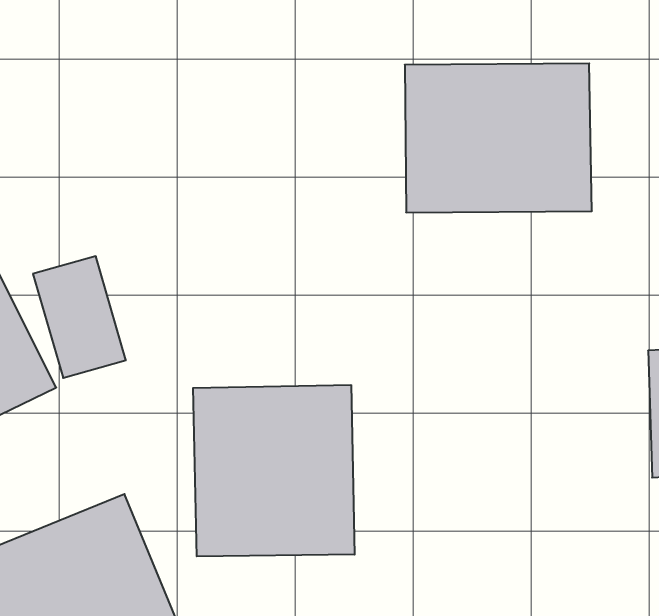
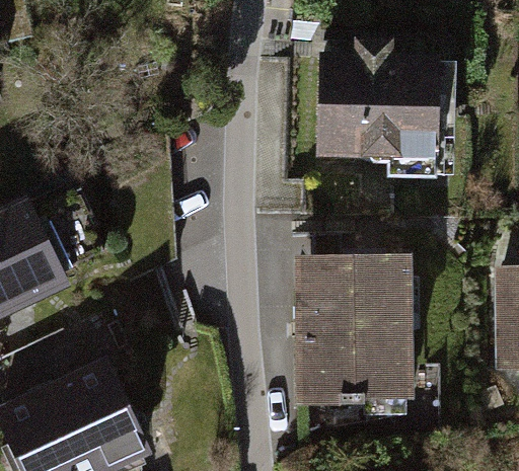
building: none -> [302,249,413,396]
building: [193,385,355,556] -> none

